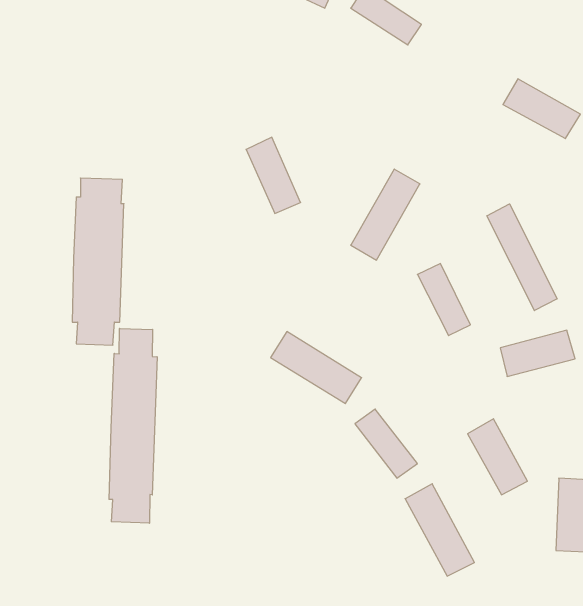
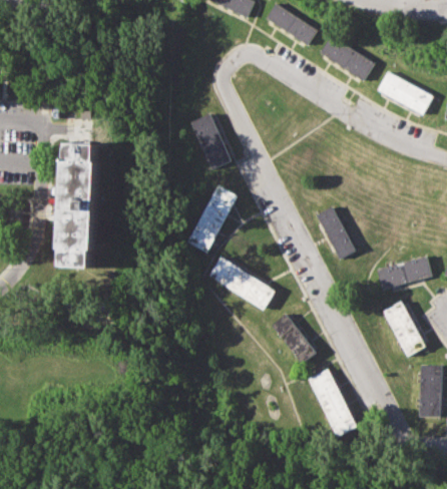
building: none -> [322,35,376,80]
building: [351,169,420,260] -> [186,185,238,253]
building: [487,204,557,311] -> none
building: [109,328,157,523] -> none
building: [468,419,527,495] -> [382,301,426,357]

